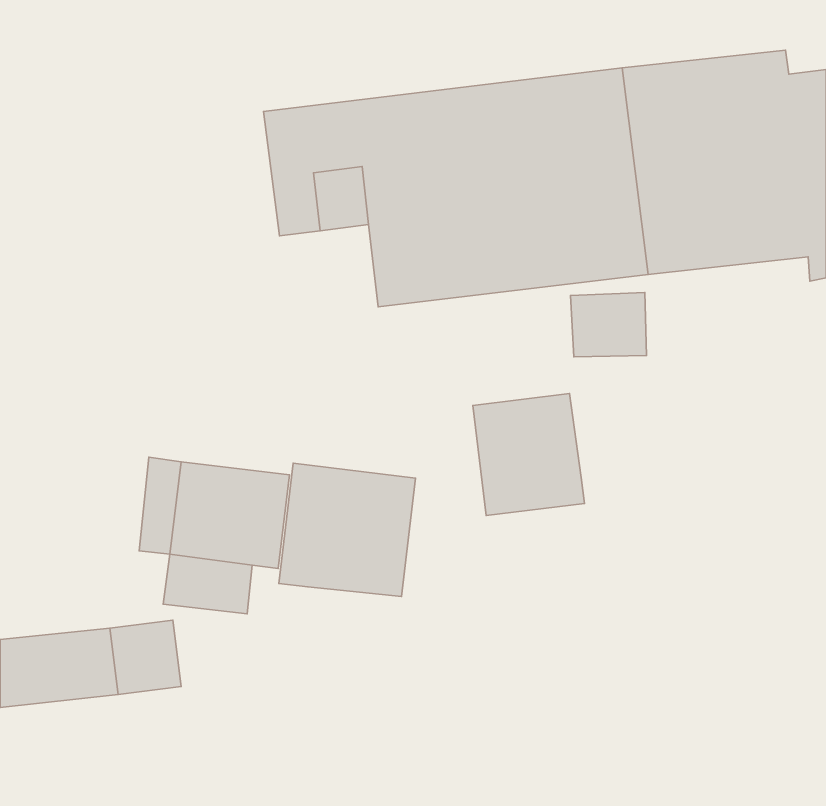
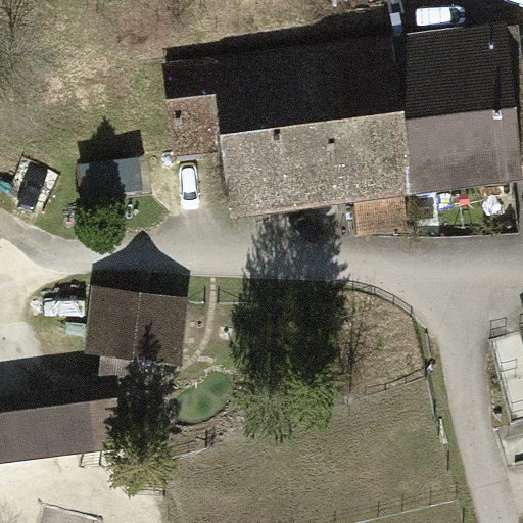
building: [473,394,585,516] -> none
building: [279,463,415,596] -> none

